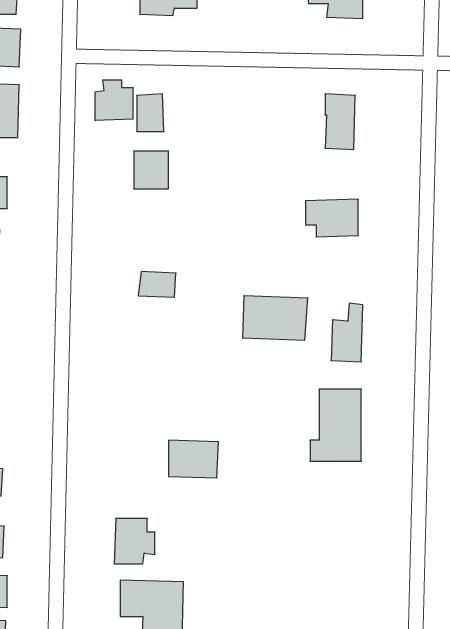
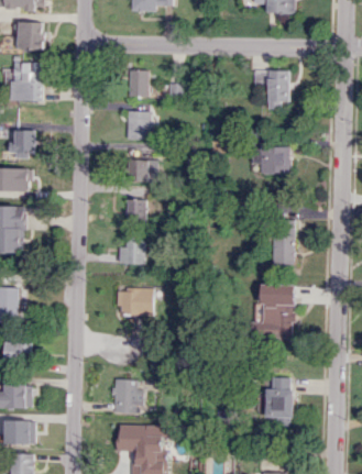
building: [95,80,133,121] -> none
building: none -> [131,159,157,181]
building: [243,295,308,340] -> none
building: none -> [118,236,144,264]
building: [169,440,218,478] -> [118,288,154,316]
building: none -> [266,377,293,418]

